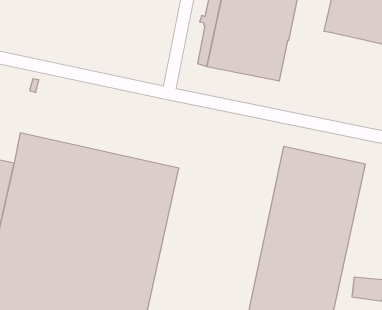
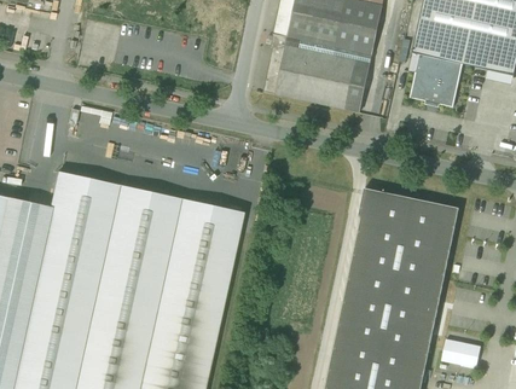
building: none -> [411,54,463,108]

